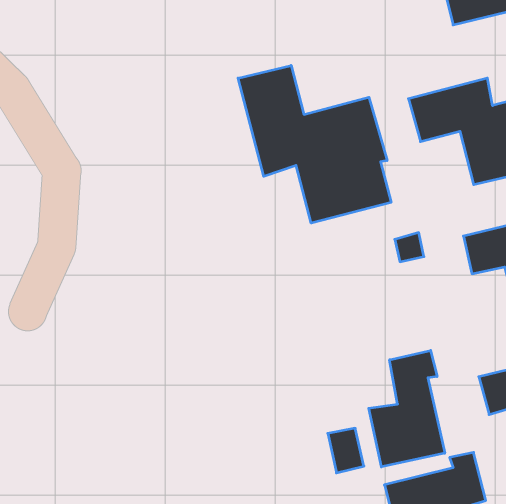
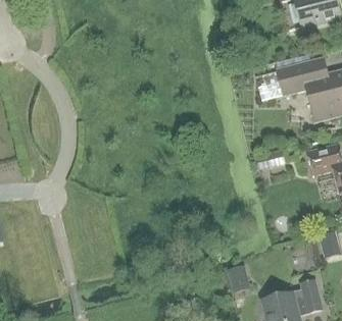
building: [238,65,391,223] -> none
building: [369,350,445,467] -> none

